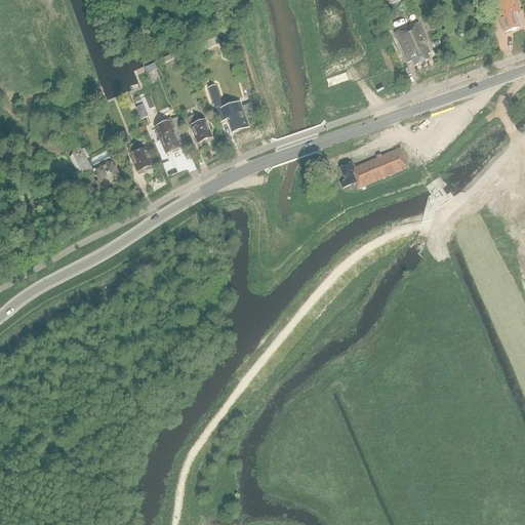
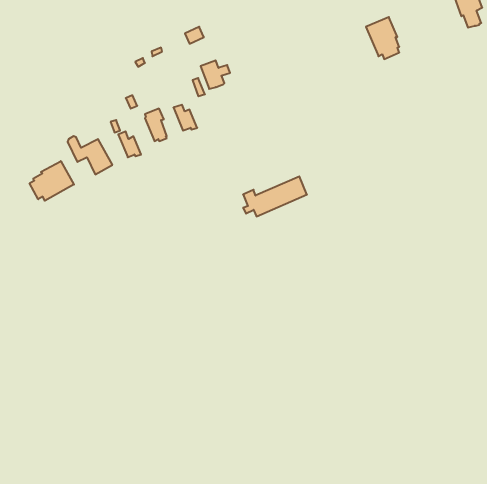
building: [221,100,253,131] -> [201,60,230,89]
building: [339,146,408,189] -> [243,176,307,216]
building: none -> [30,161,74,201]

